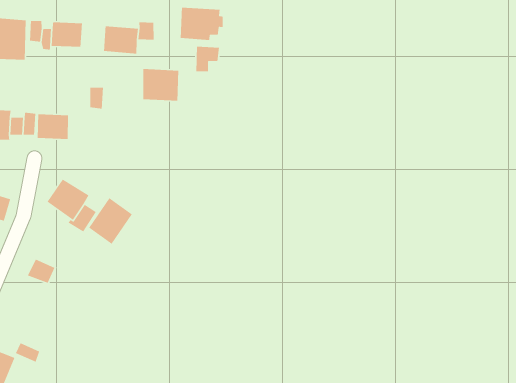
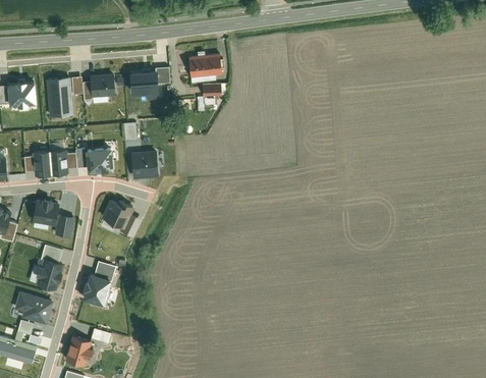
building: [143,68,179,102] -> [131,152,162,178]
building: [88,197,133,245] -> none
building: none -> [84,275,111,305]

